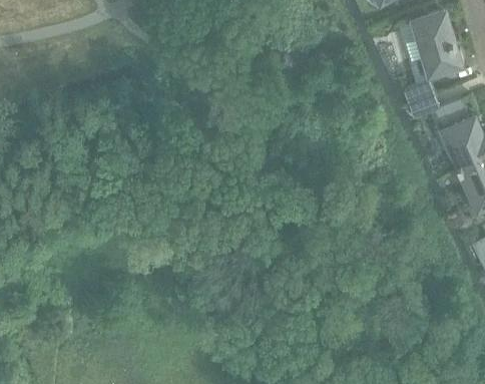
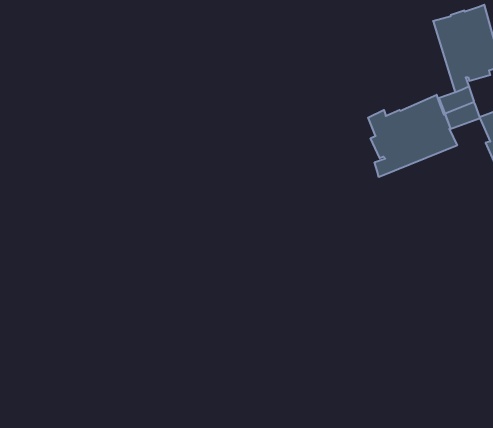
building: none -> [368,95,457,177]

